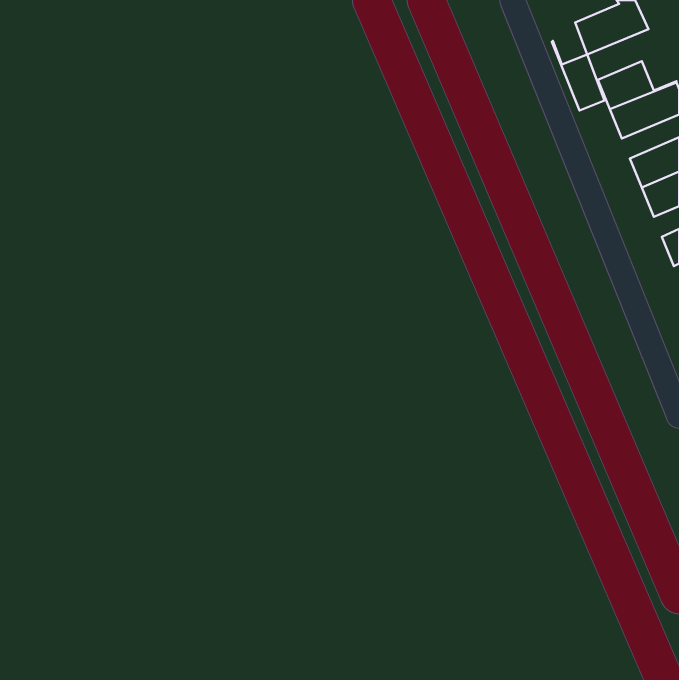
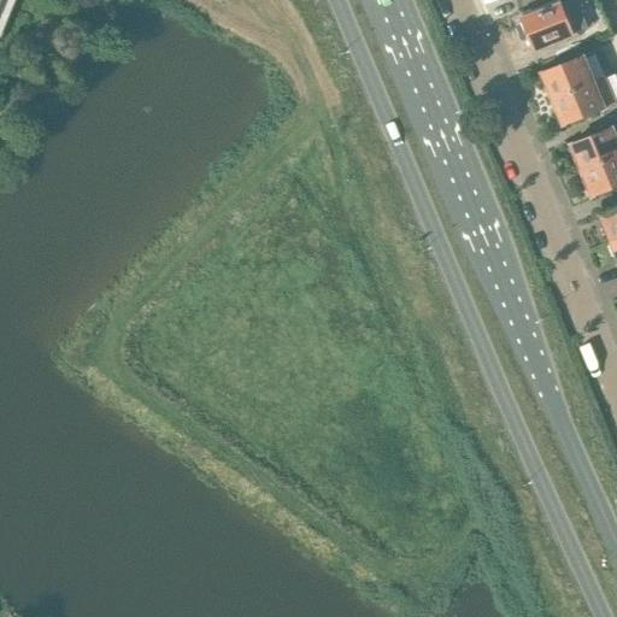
building: [552,41,605,110] -> none

